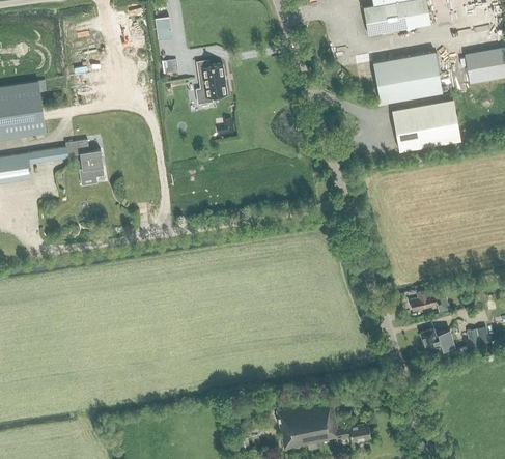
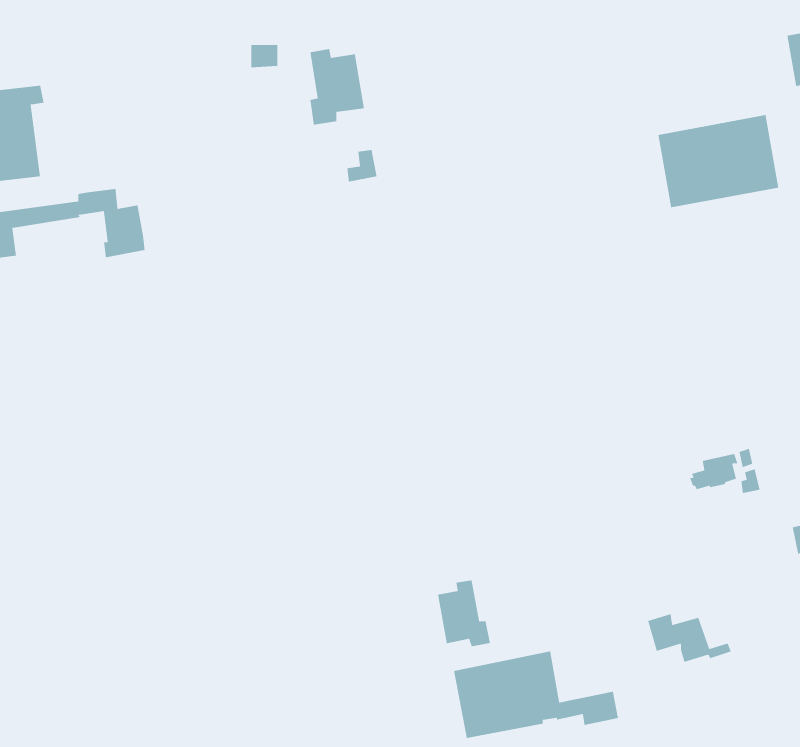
building: [373,51,442,103] -> none
building: [420,328,468,356] -> [647,613,732,663]
building: none -> [437,580,491,647]

